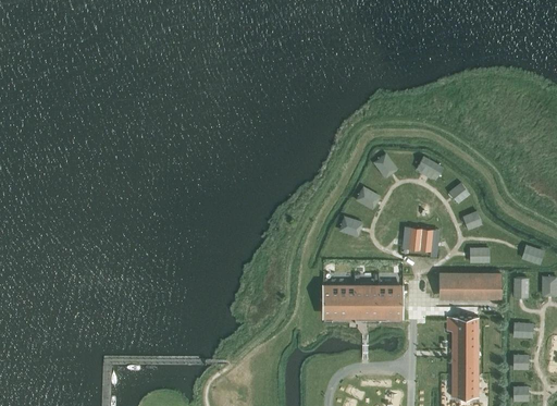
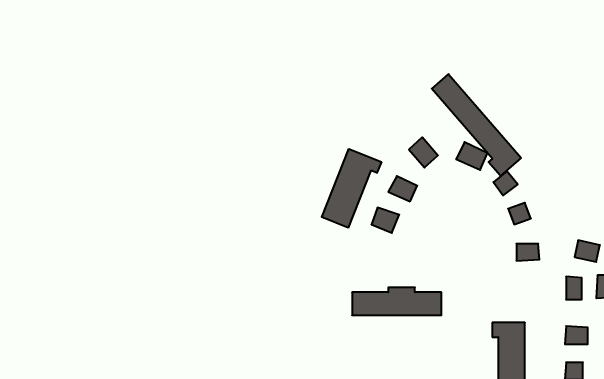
building: none -> [432,74,521,176]
building: none -> [322,149,381,228]
building: [409,227,433,251] -> none
building: [438,276,502,295] -> none

